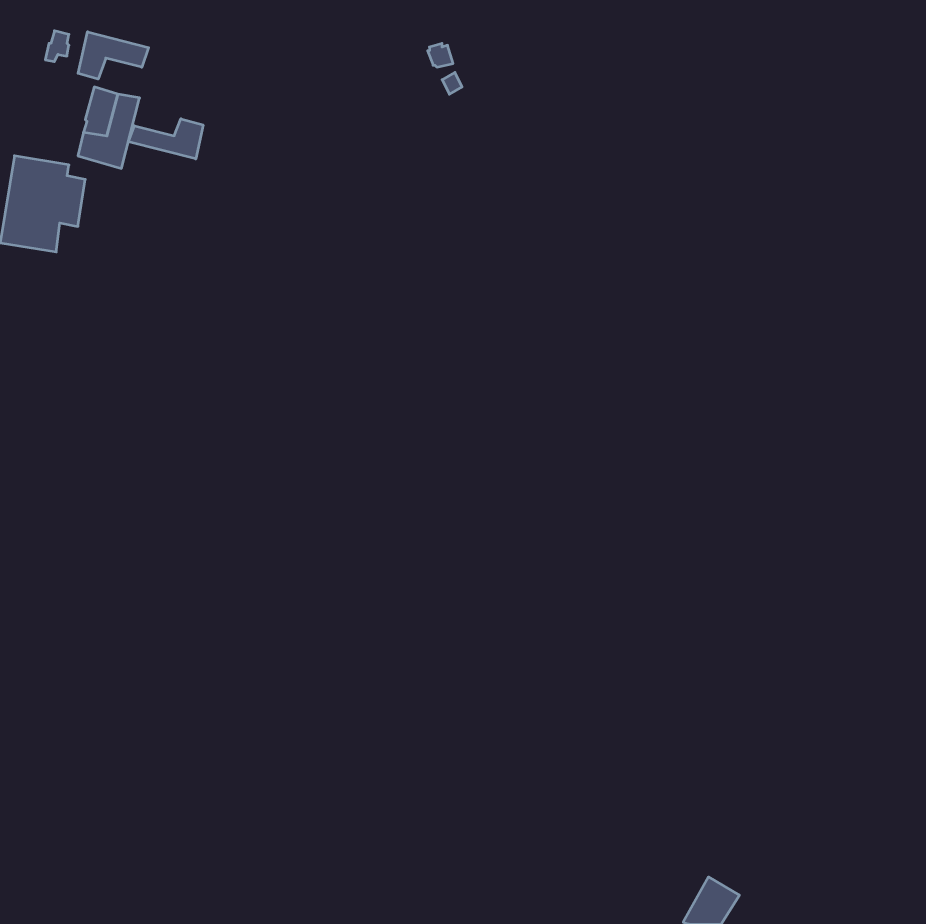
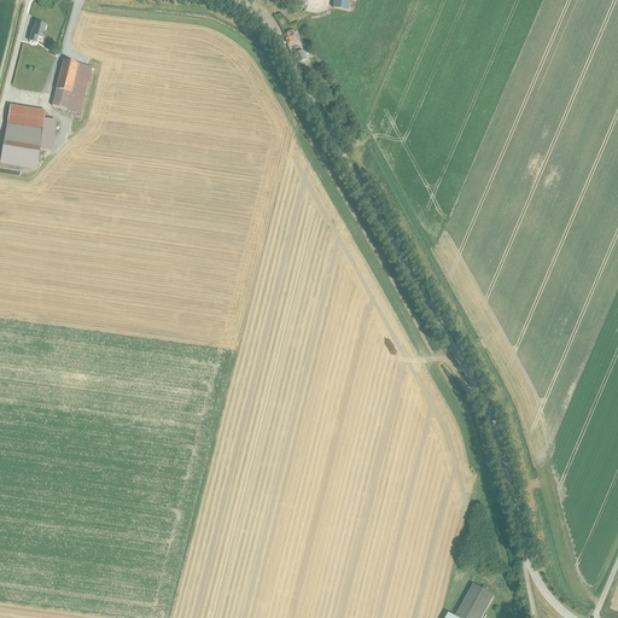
building: [78,32,149,79] -> none
building: [128,119,203,159] -> none

